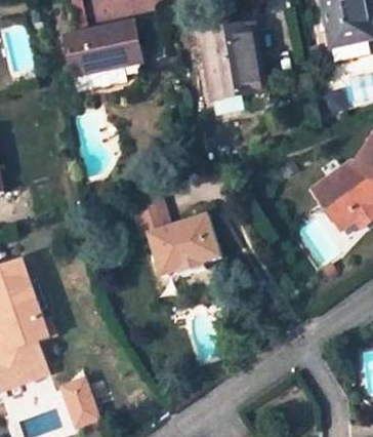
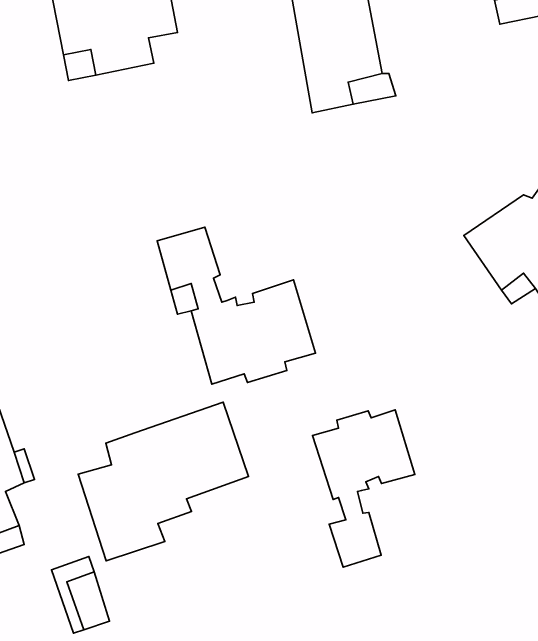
building: none -> [78,402,249,561]
building: none -> [313,410,415,567]

